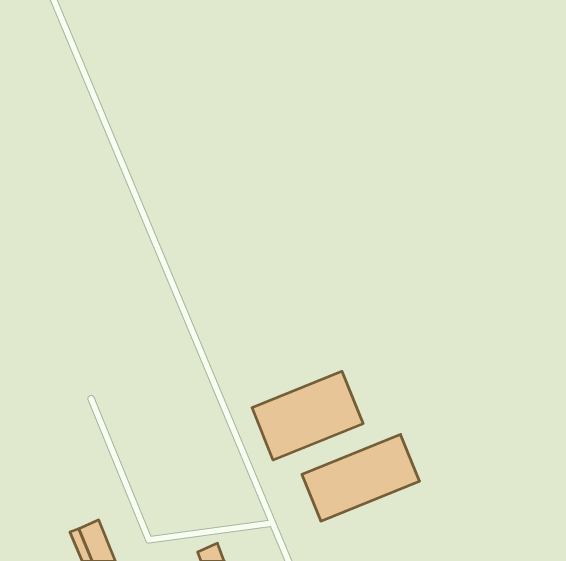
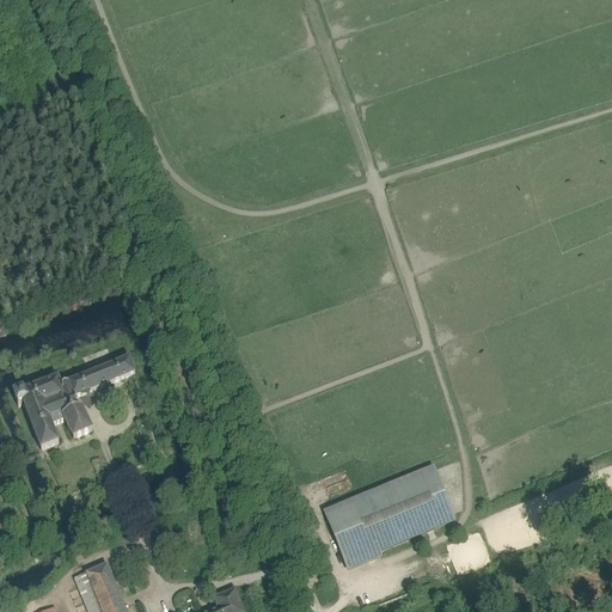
building: none -> [13,354,134,446]
building: [252,371,363,460] -> none

